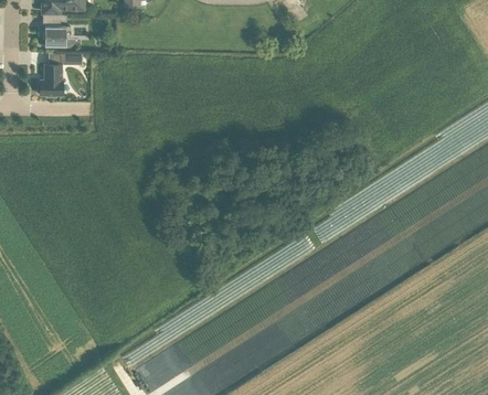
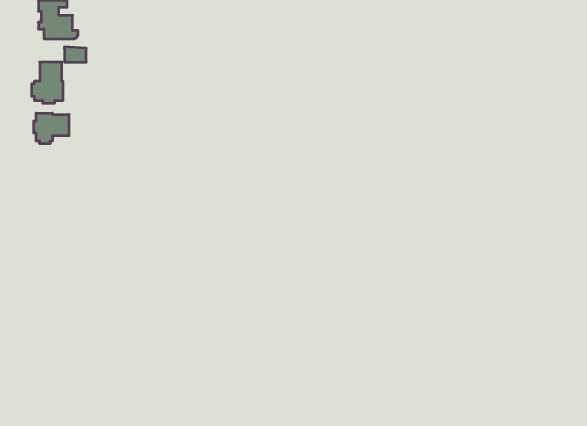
building: none -> [34,113,69,144]

